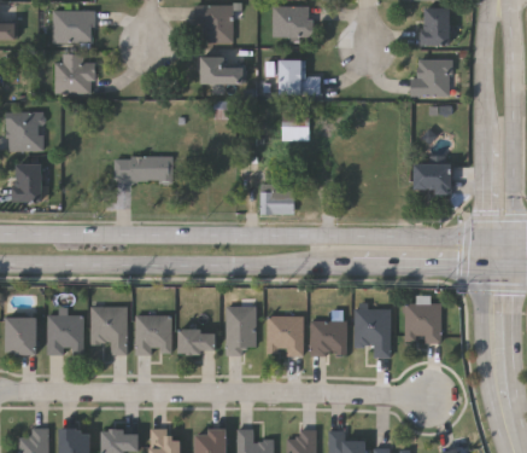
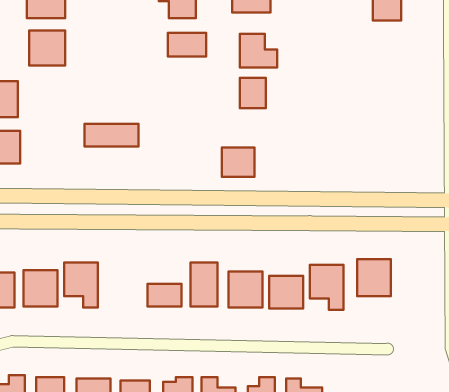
building: [414,60,450,97] -> none
building: [414,164,451,194] -> none
building: [135,314,171,353] -> none

